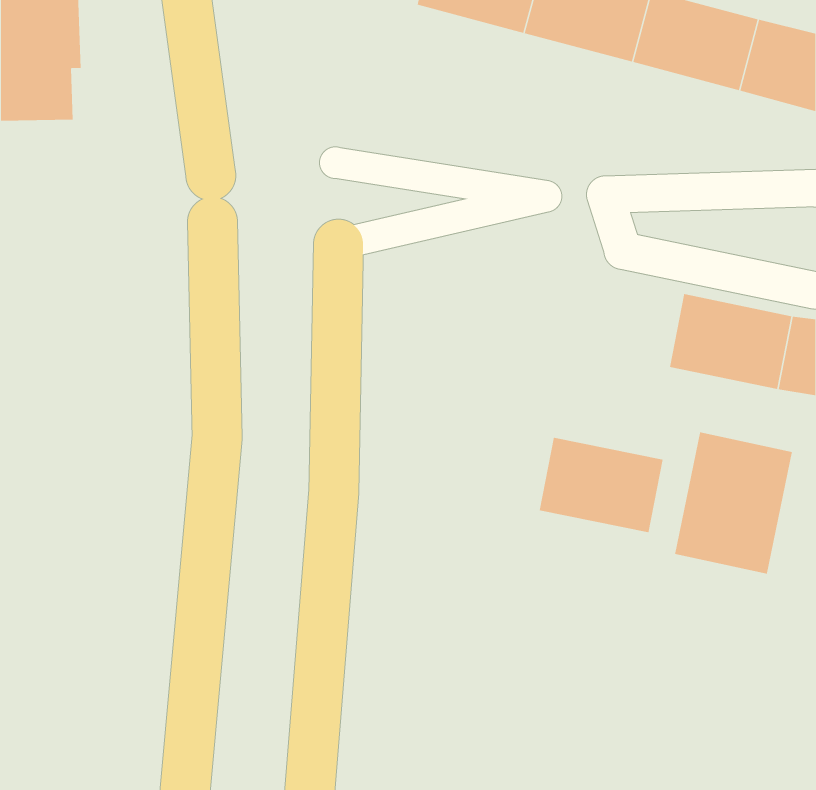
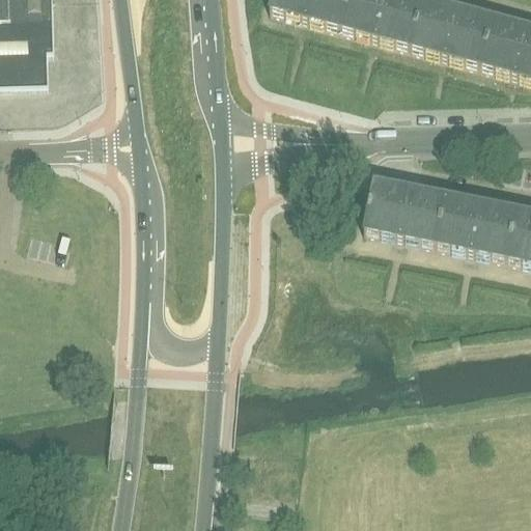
building: [674,431,792,575] -> none
building: [539,437,663,533] -> [363,176,444,239]

